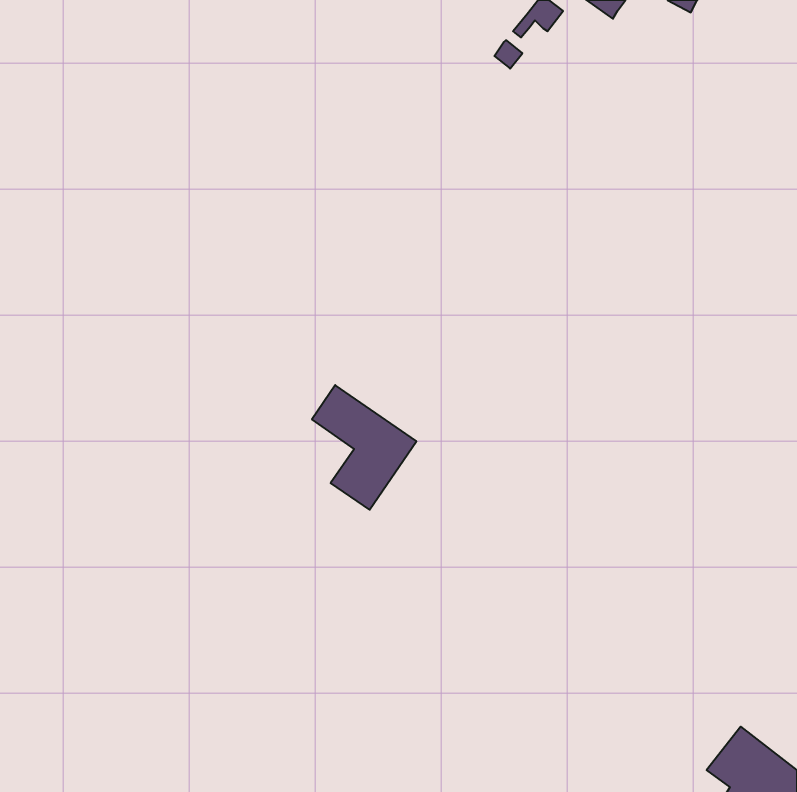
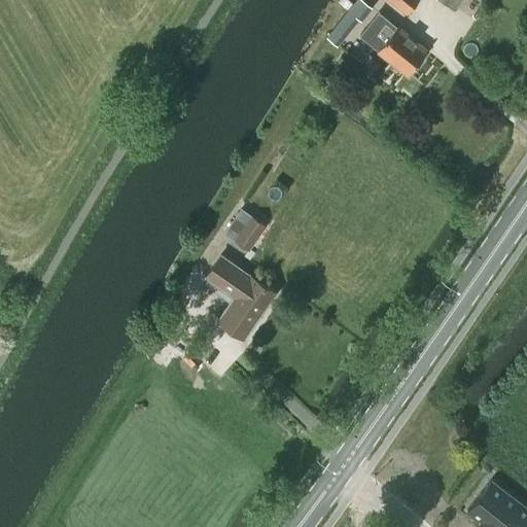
building: none -> [360,13,428,76]
building: none -> [223,210,266,252]

